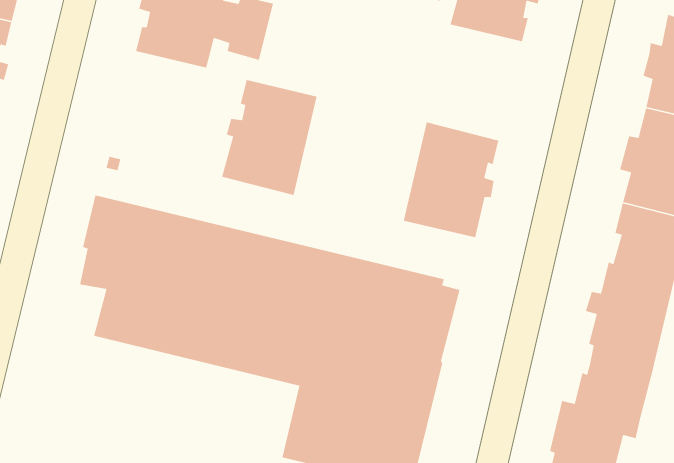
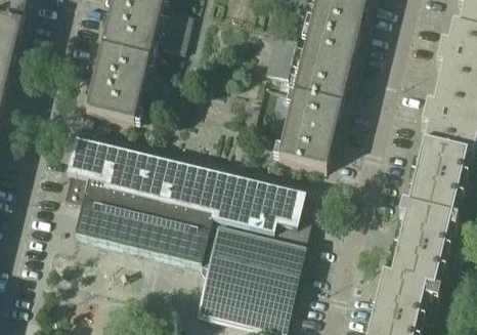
building: none -> [265,27,356,102]
building: [221,79,318,196] -> [85,44,148,121]

